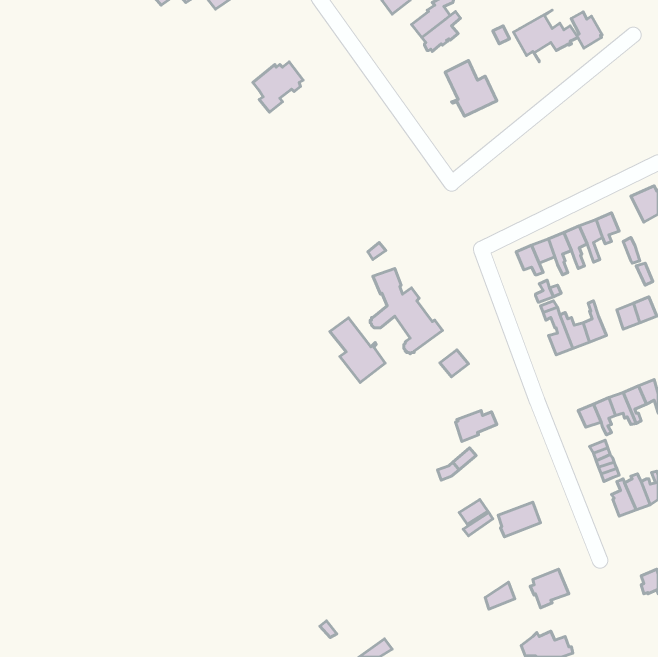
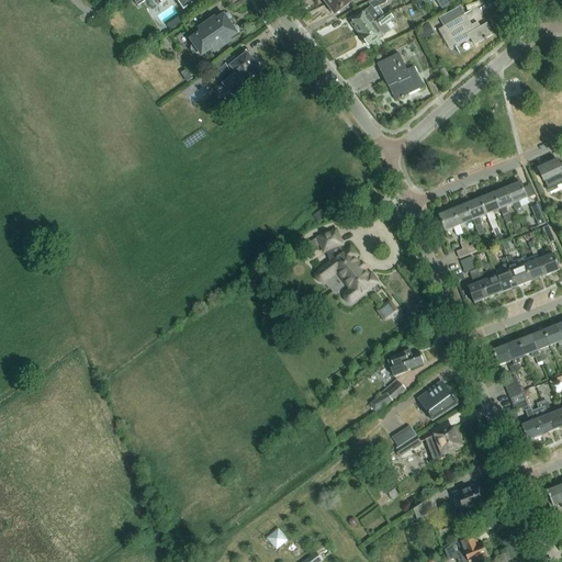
building: [571,12,602,48] -> none
building: none -> [189,12,239,54]
building: none -> [505,254,530,285]
building: [330,318,385,382] -> none
building: none -> [417,383,459,419]

